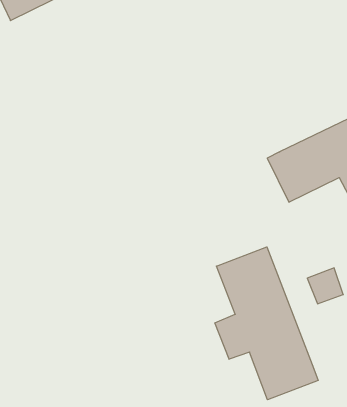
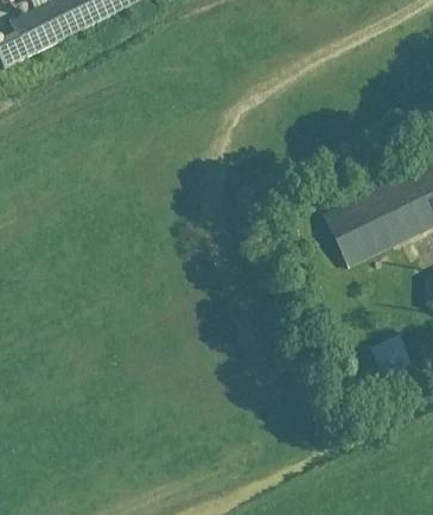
building: [215,247,318,400] -> none

